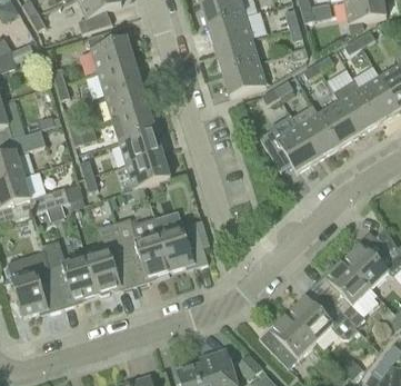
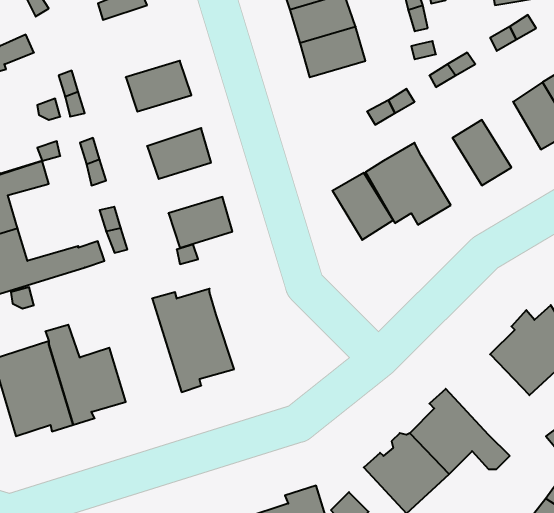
building: [87,29,133,71] -> none
building: [221,60,267,96] -> none
building: [333,79,378,132] -> none
building: [104,83,148,118] -> none
building: [297,112,338,158] -> [332,173,393,240]
building: [119,129,162,164] -> none
building: [158,219,209,269] -> none
building: [86,221,134,294] -> none
building: [313,259,377,328] -> none

